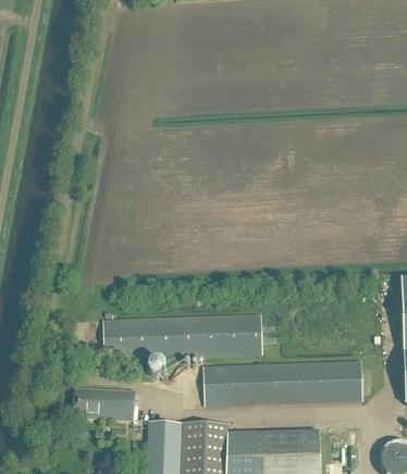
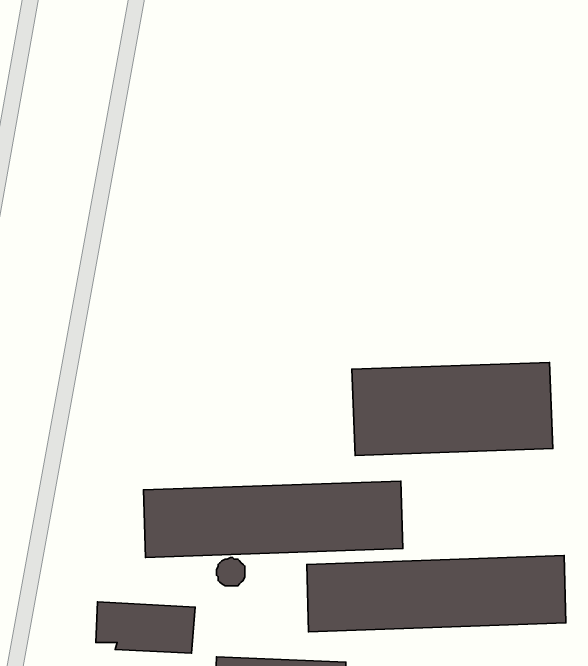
building: none -> [352,362,553,455]

